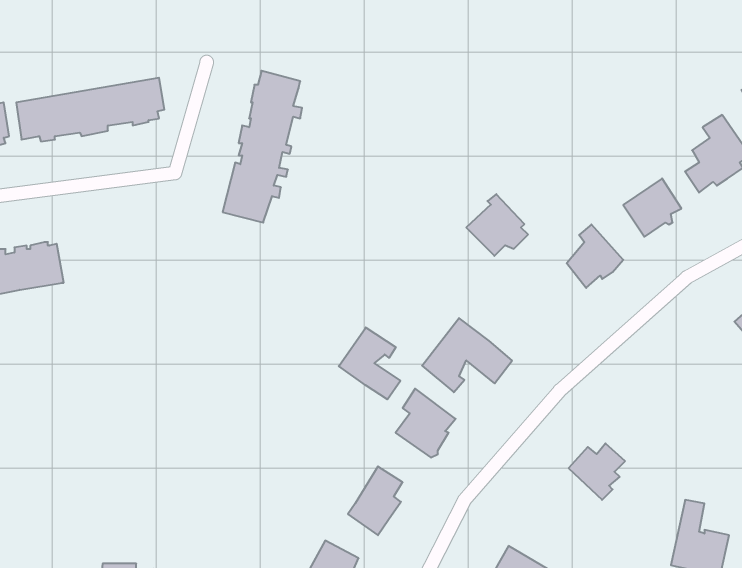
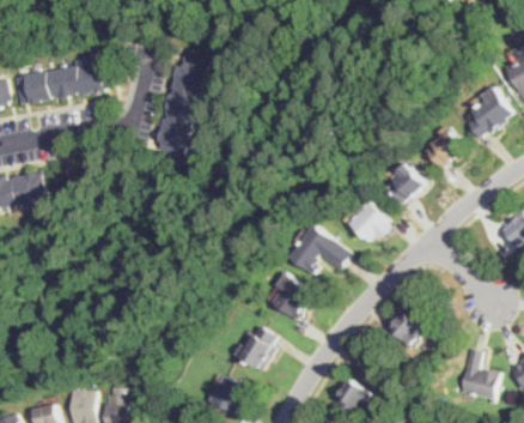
building: [466,194,528,256] -> [347,200,389,242]
building: [339,327,400,399] -> none

